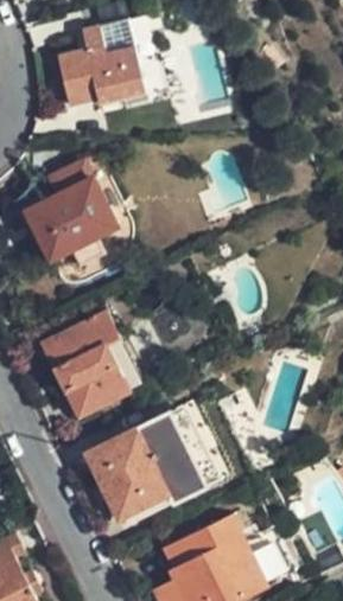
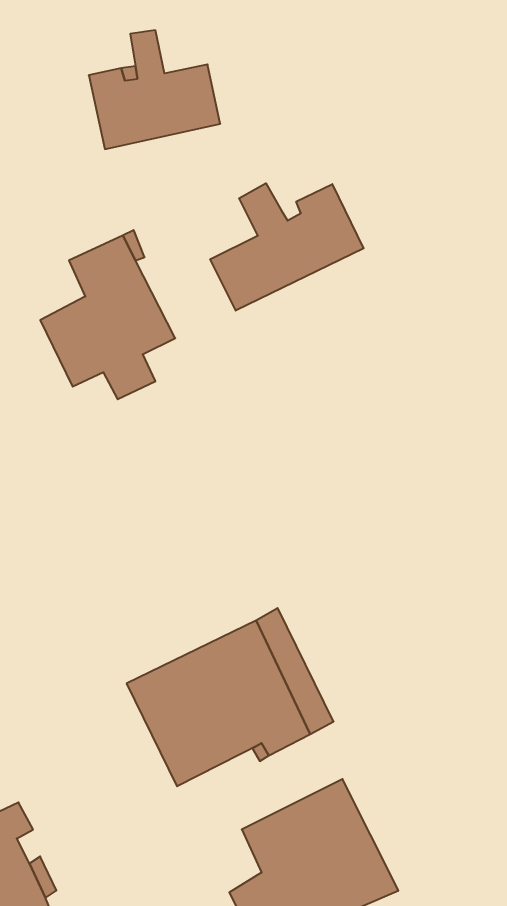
building: none -> [210,183,364,311]
building: [43,314,122,416] -> none

